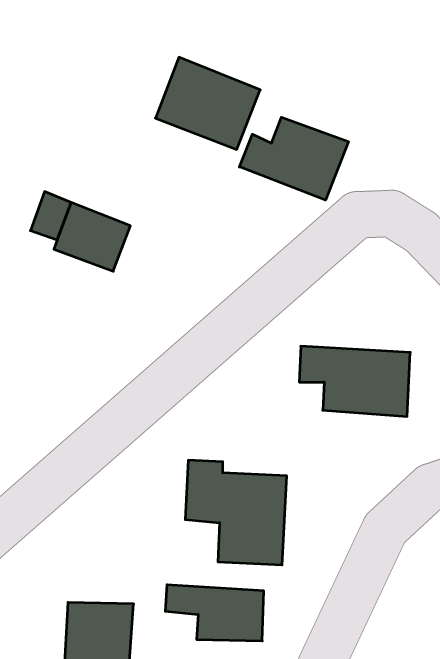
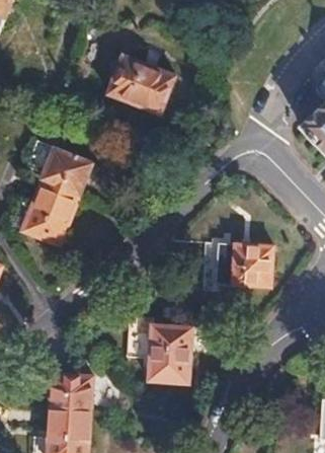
building: [239,117,348,200] -> none
building: none -> [20,179,79,246]
building: [165,585,264,641] -> [29,373,93,409]

